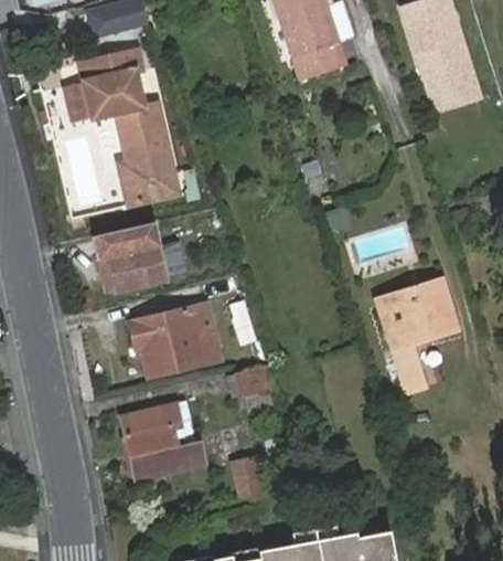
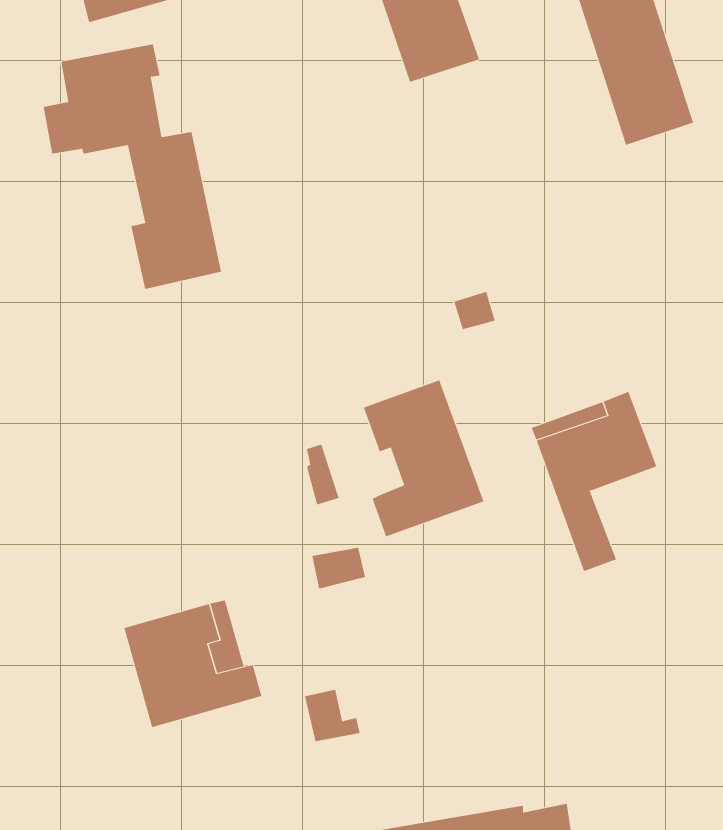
building: [108,225,167,295] -> none
building: none -> [363,380,484,537]
building: [129,305,218,377] -> none

